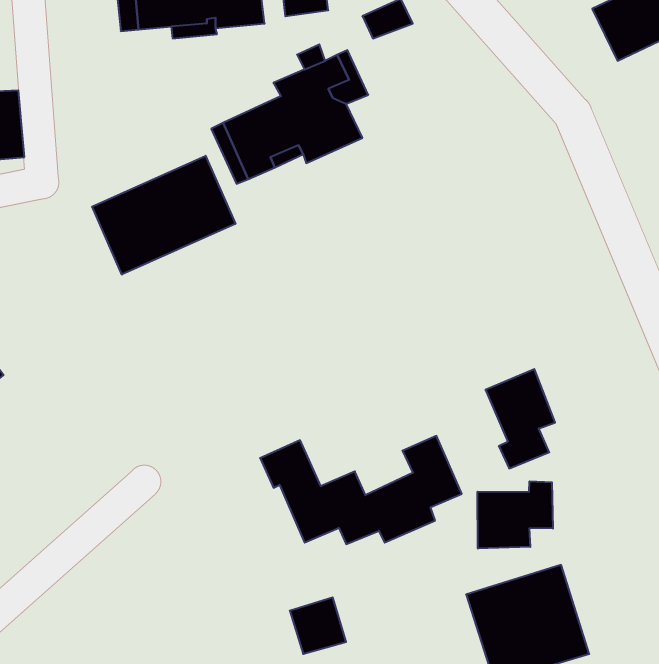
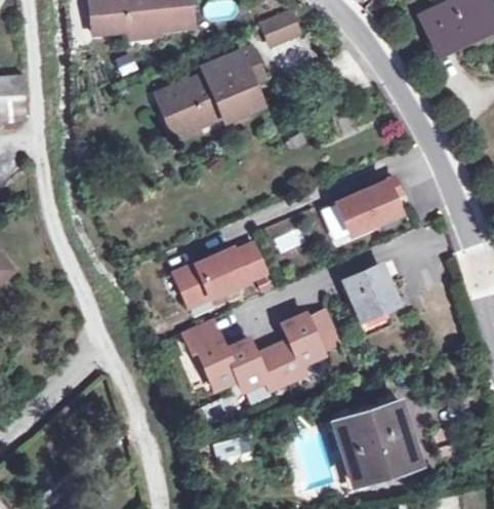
building: [92,156,235,275] -> none
building: none -> [336,179,400,234]
building: none -> [174,245,265,300]
building: [478,481,553,549] -> none

